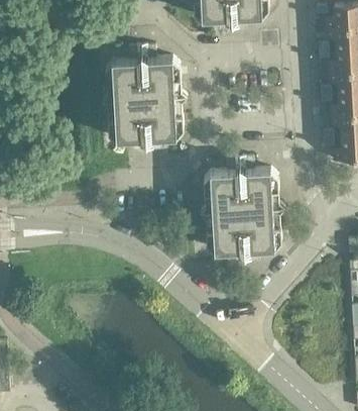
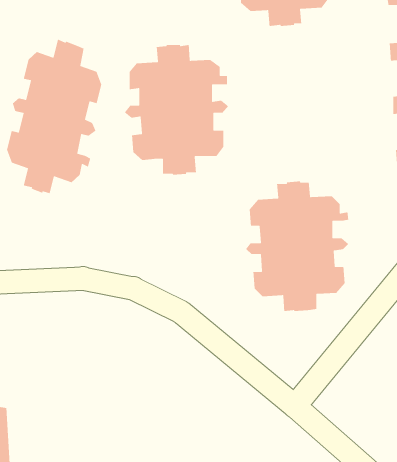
building: none -> [6,38,102,194]

